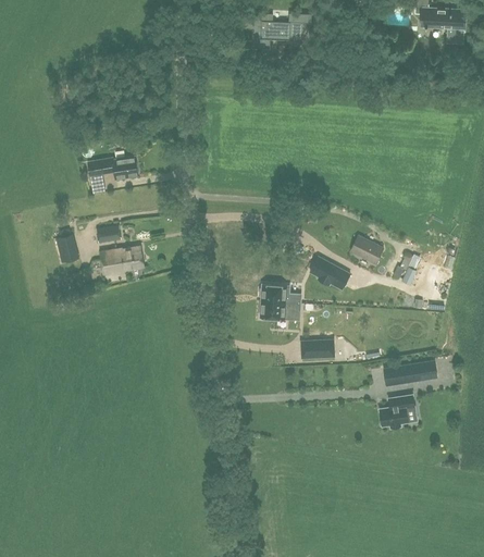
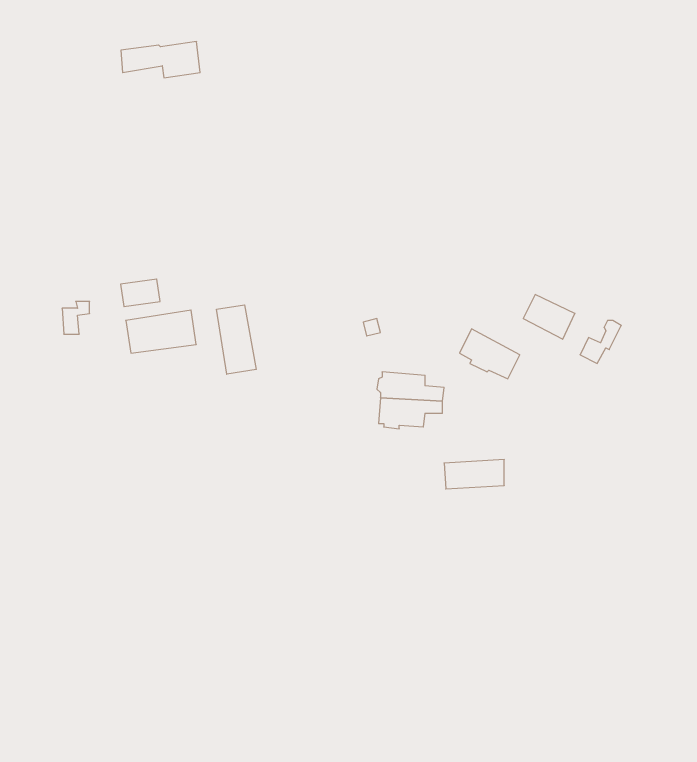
building: [89,154,139,177] -> [121,42,200,78]
building: none -> [217,305,256,374]
building: [397,361,432,382] -> none
building: [380,394,415,426] -> none

